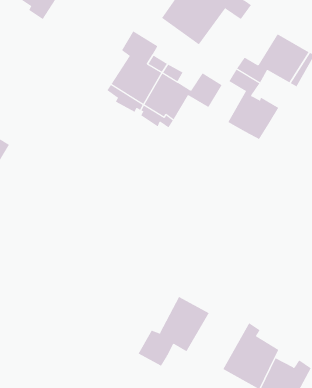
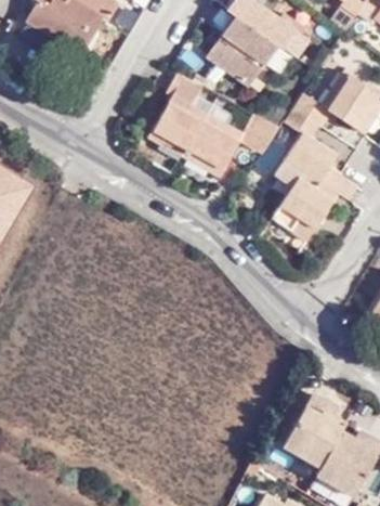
building: none -> [276,169,358,242]
building: [138,296,209,367] -> none

